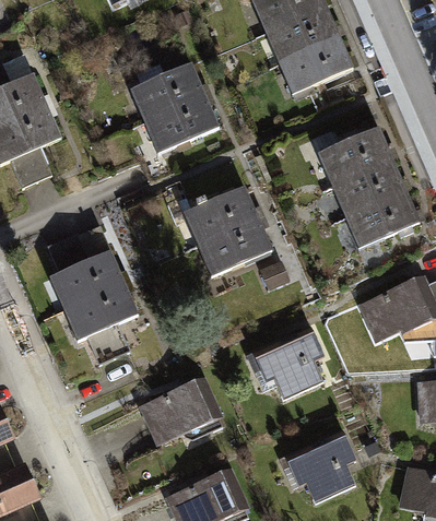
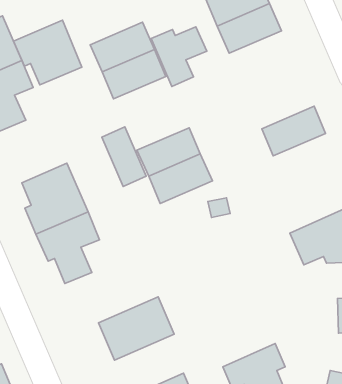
building: none -> [14,20,82,85]
building: none -> [151,27,207,86]
building: [315,126,390,183] -> none
building: none -> [102,127,146,187]
building: [342,189,417,247] -> none
building: [250,332,323,403] -> none

